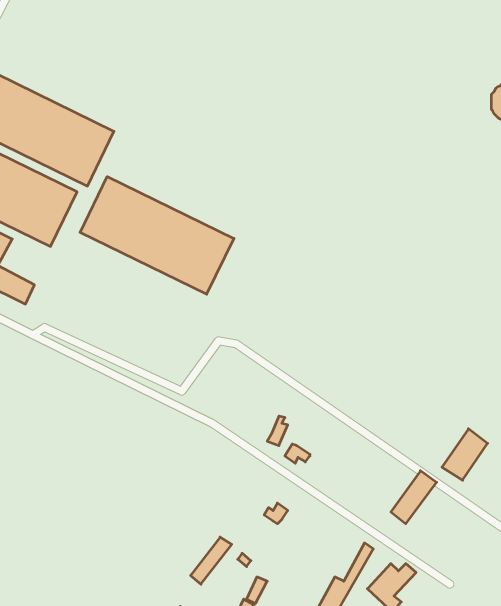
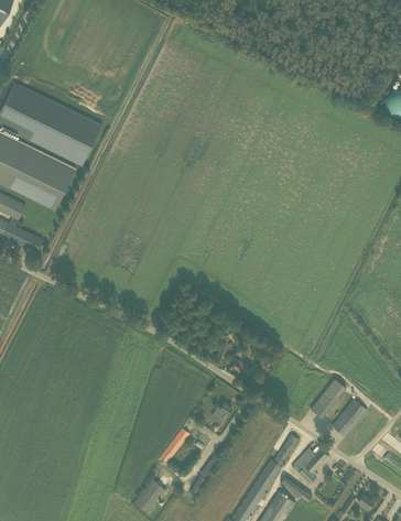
building: [80,177,234,294] -> none
building: [442,429,488,480] -> [332,398,366,436]

